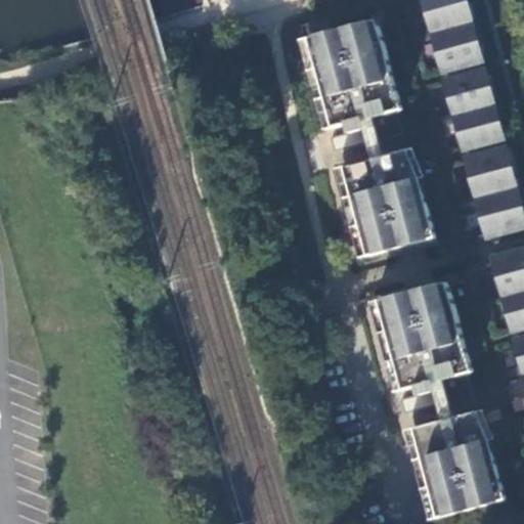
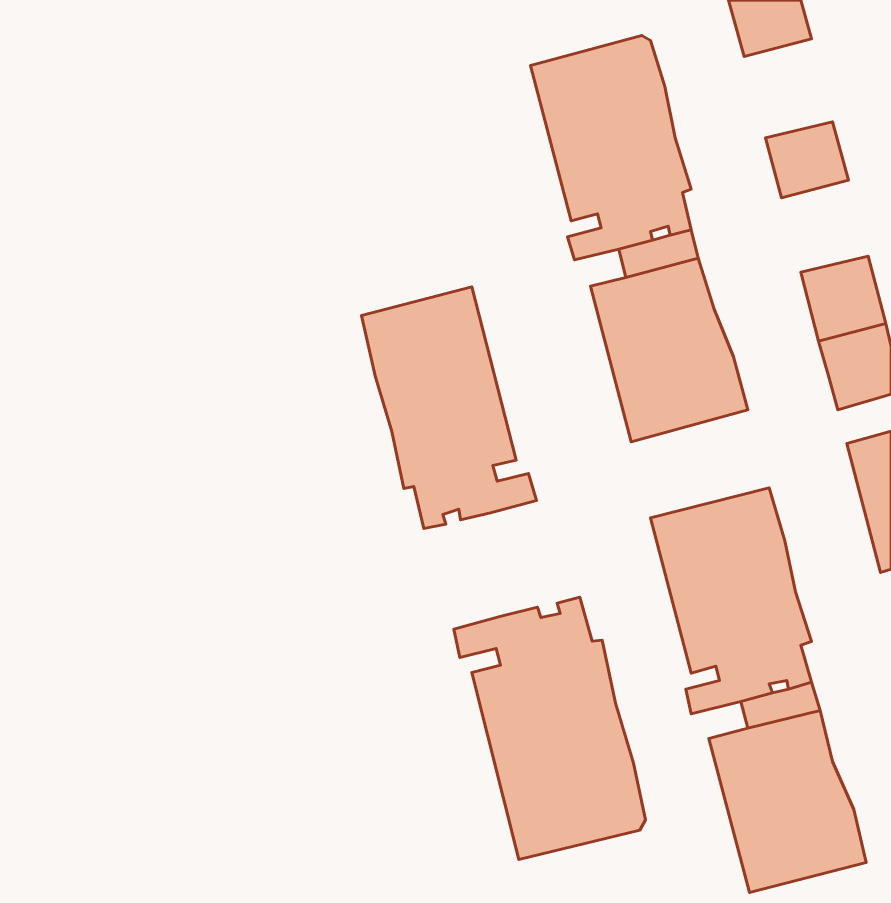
building: [431,23,480,72] -> none
building: [452,104,500,149] -> none
building: none -> [362,287,536,528]
building: none -> [454,597,645,859]

